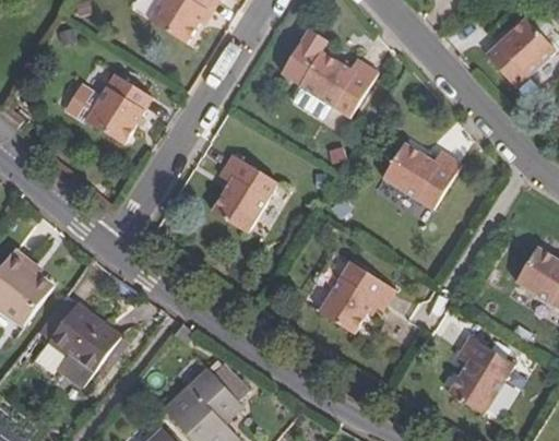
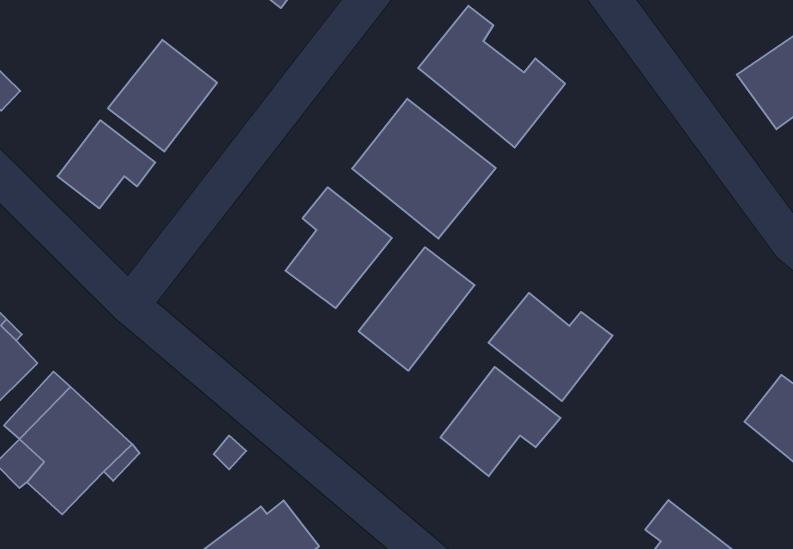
building: none -> [352,99,496,239]
building: none -> [57,120,155,208]
building: [380,143,460,211] -> [488,293,613,401]
building: none -> [359,247,475,371]

